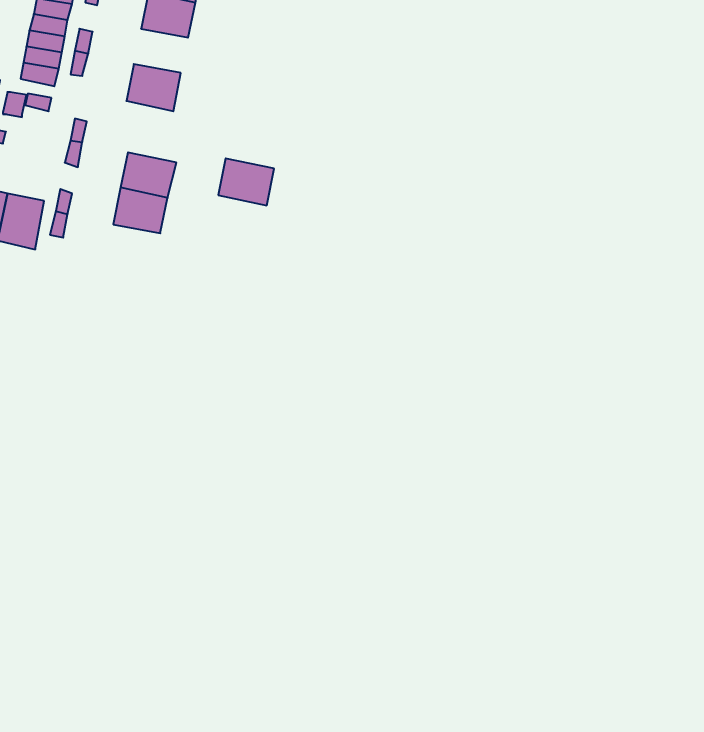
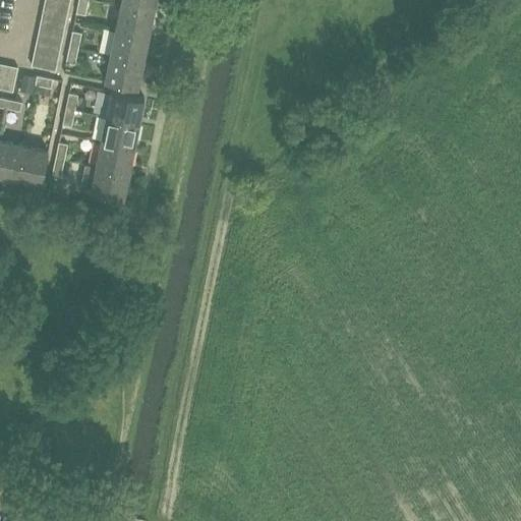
building: none -> [110,32,148,62]
building: [218,158,274,205] -> [106,92,144,124]
building: none -> [91,167,128,199]

